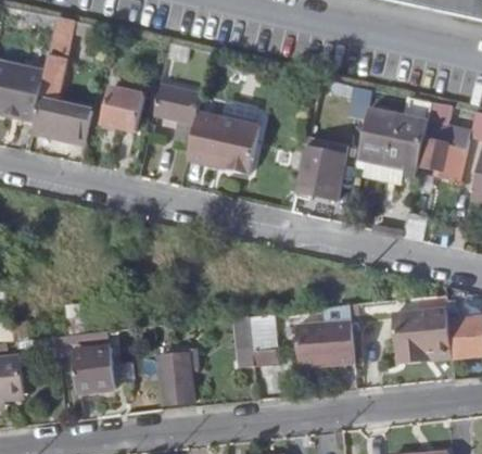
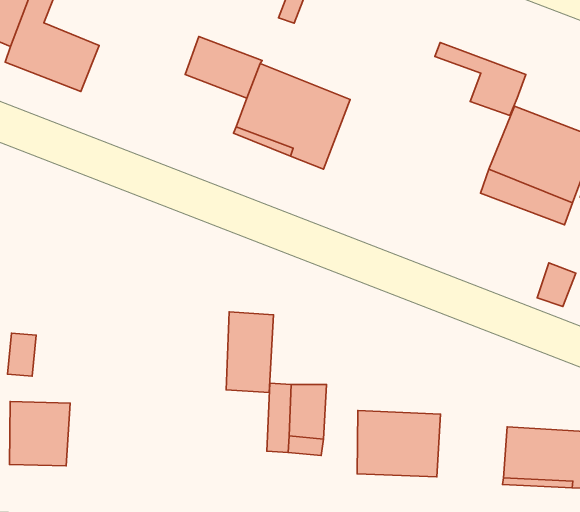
building: [102,89,148,133] -> none
building: [291,143,344,201] -> none
building: [156,350,190,403] -> [226,312,274,393]

